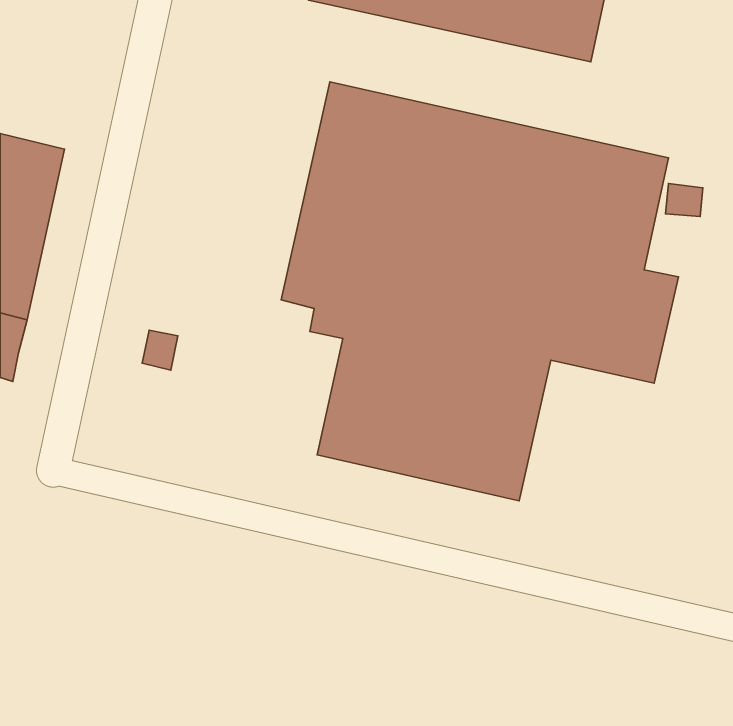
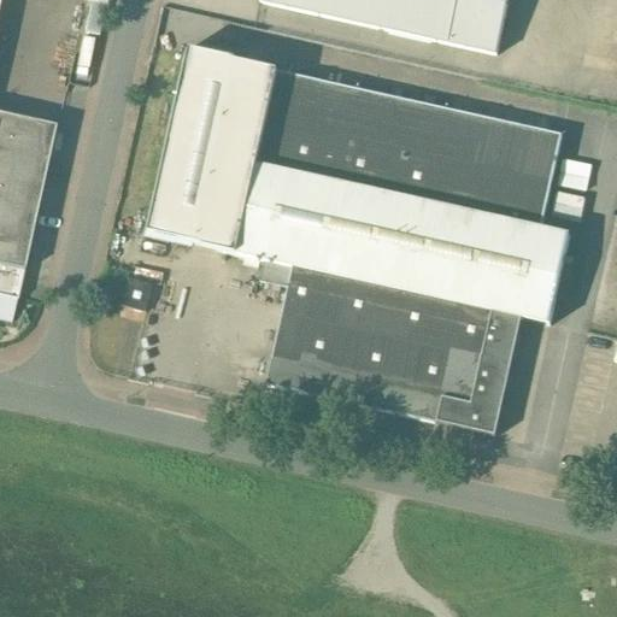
building: none -> [142,48,277,252]
building: none -> [436,302,522,434]

